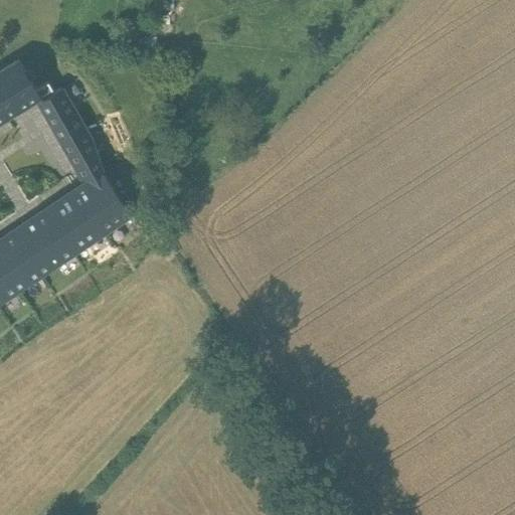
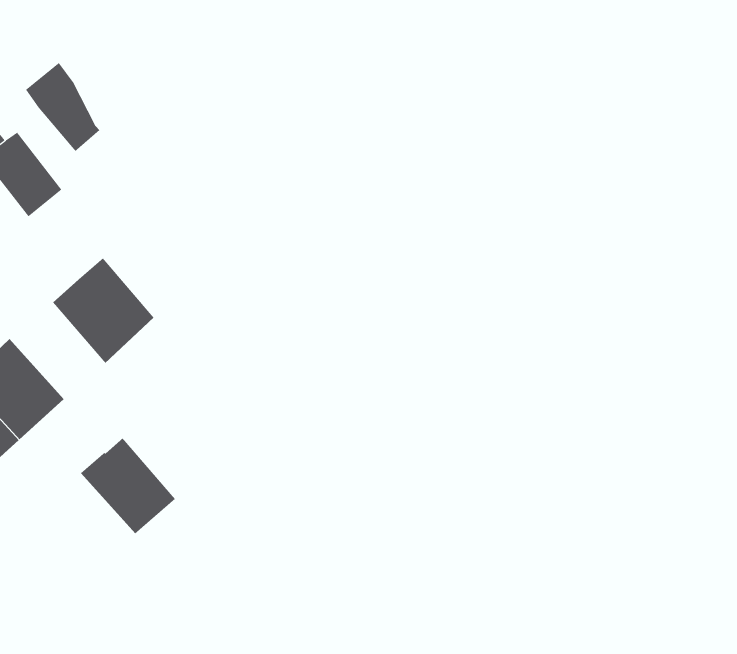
building: [59,129,102,185] -> [25,62,100,152]
building: [37,197,94,258] -> [80,437,176,534]

